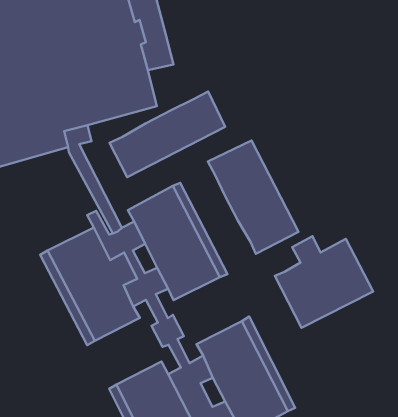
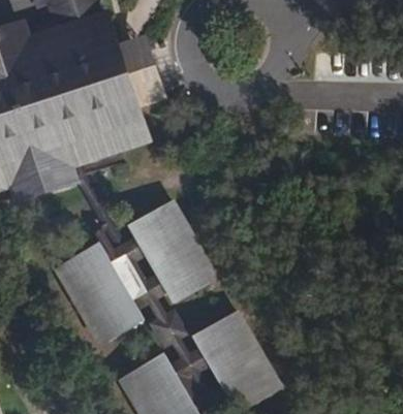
building: [110,91,225,177] -> none
building: [208,140,299,254] -> none
building: [275,236,373,328] -> none

